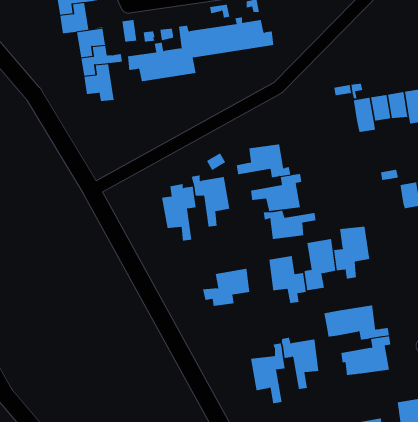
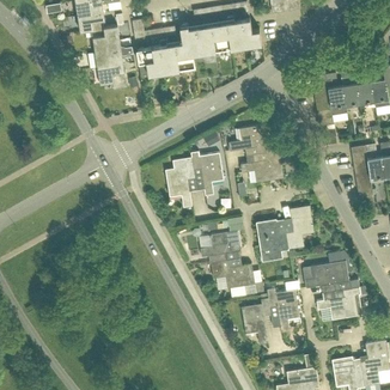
building: [263,210,316,240] -> none
building: [333,226,370,279] -> none
building: none -> [209,260,255,297]

